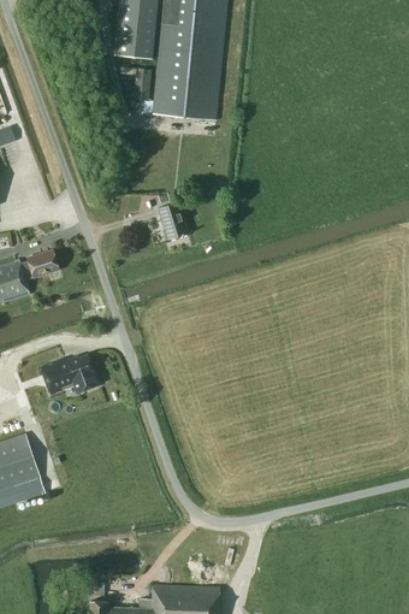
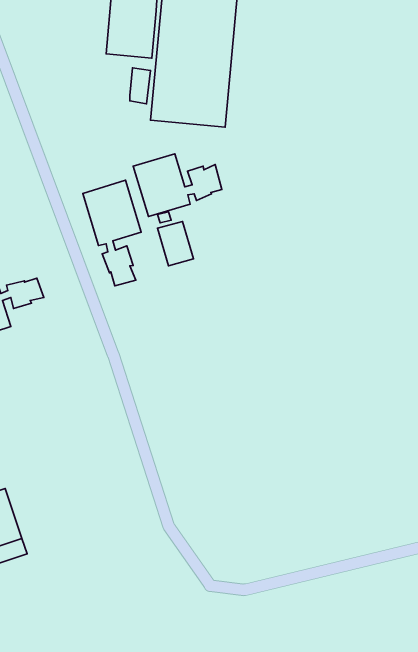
building: none -> [133,154,222,216]
building: none -> [83,180,141,286]
building: [40,354,97,394] -> none

